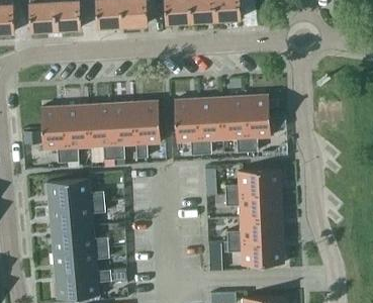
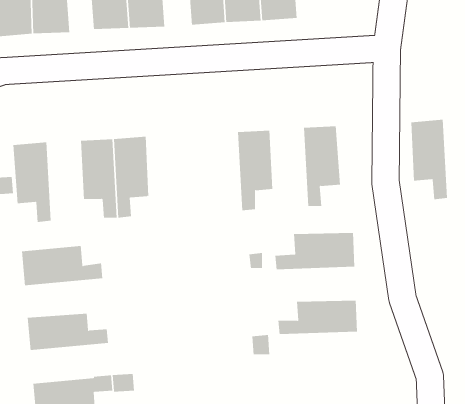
building: [221,96,248,153] -> [410,119,448,200]
building: [174,99,201,156] -> none
building: [134,101,161,159] -> none
building: [65,105,90,162] -> none
building: [225,194,282,218] -> none
building: [49,202,105,229] -> none
building: [227,239,284,266] -> none
building: [53,247,109,276] -> none

